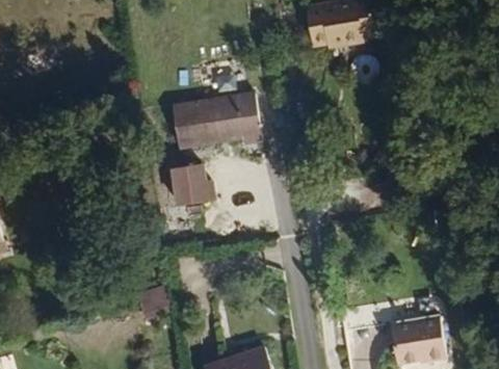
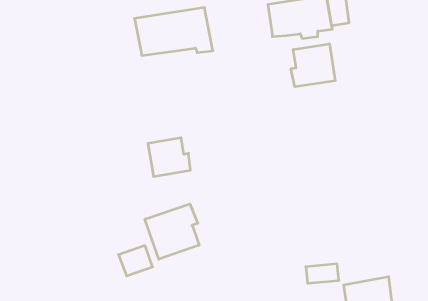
building: none -> [291,44,335,87]
building: [170,93,259,147] -> [134,8,213,55]
building: none -> [145,204,199,259]

